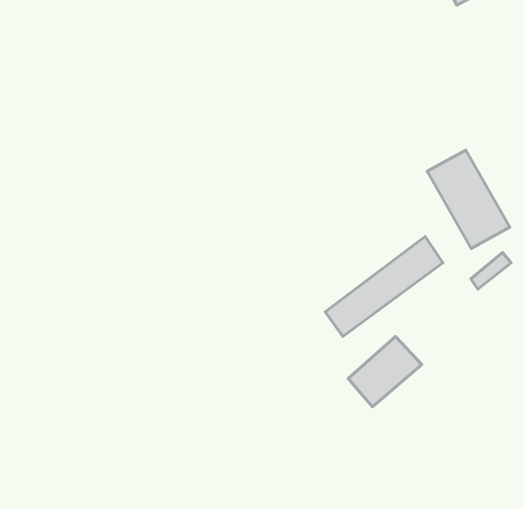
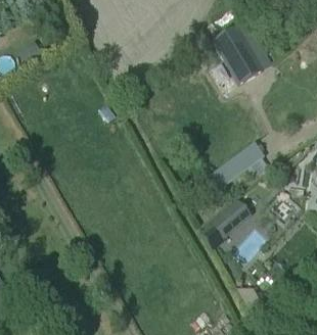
building: [427,150,510,248] -> [218,25,266,82]

